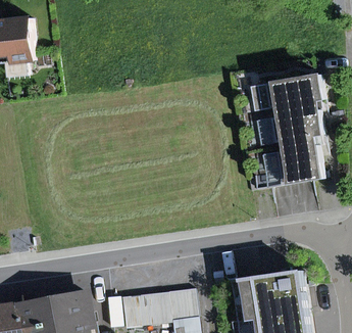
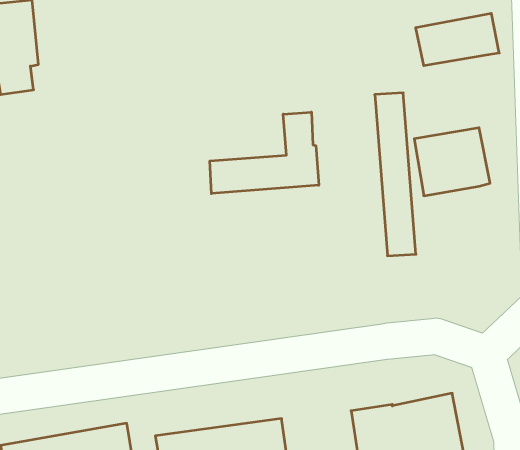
building: [269,73,323,106] -> [416,13,499,66]
building: none -> [210,112,319,194]
building: [281,137,323,185] -> none

